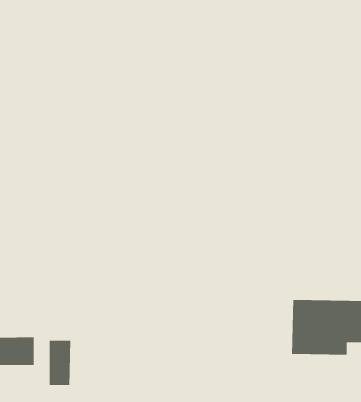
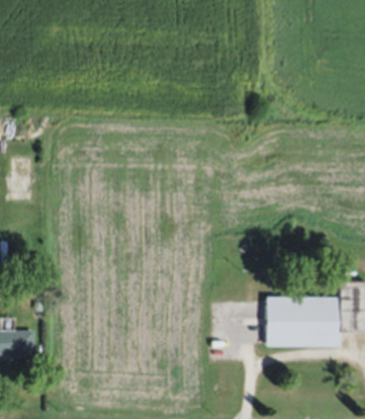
building: [49,340,71,386] -> none

